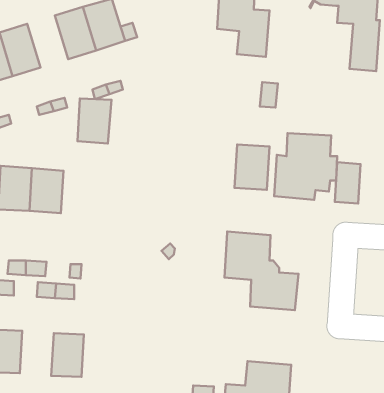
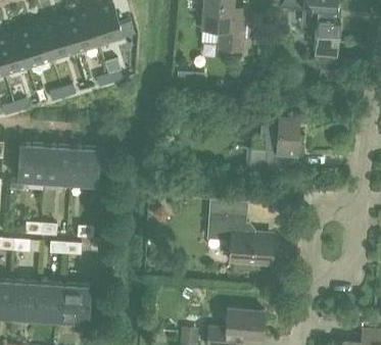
building: none -> [42,16,77,60]
building: [78,99,111,143] -> [70,147,99,185]
building: [235,145,269,190] -> none
building: [335,162,361,204] -> none
building: none -> [36,282,64,319]

